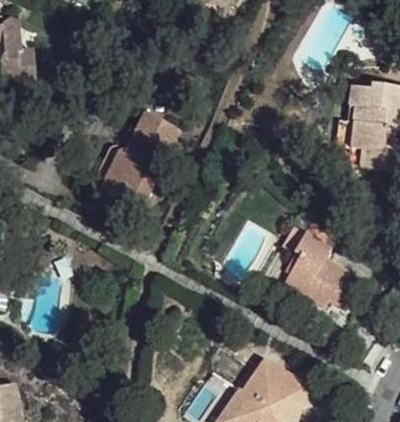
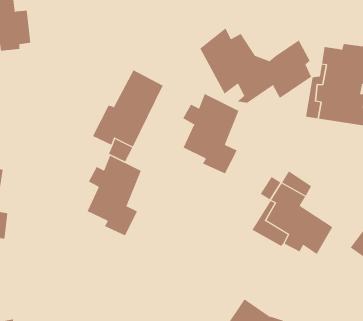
building: none -> [200,28,312,103]
building: none -> [183,93,239,174]
building: none -> [87,155,142,236]

